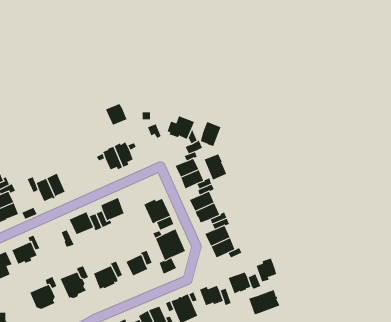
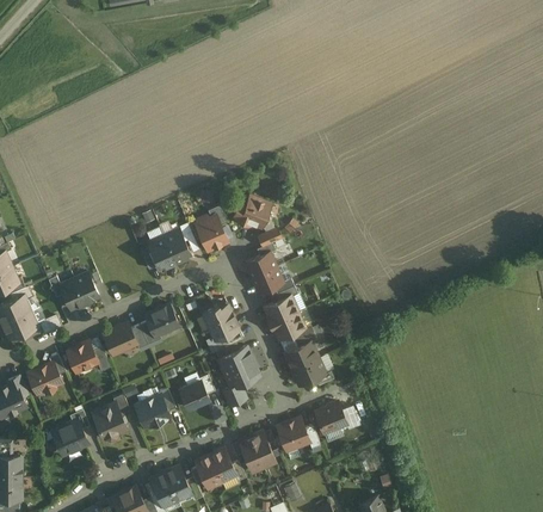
building: [105,103,128,125] -> [197,221,227,251]
building: [200,121,221,147] -> none
building: [204,153,227,180] -> none
building: none -> [66,341,97,370]
building: [256,258,277,282] -> none
building: [249,289,280,315] -> none

